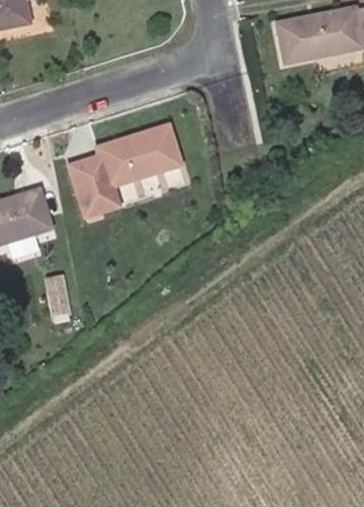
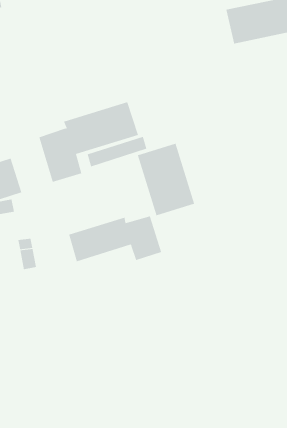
building: none -> [137,143,195,216]
building: none -> [68,215,162,262]

